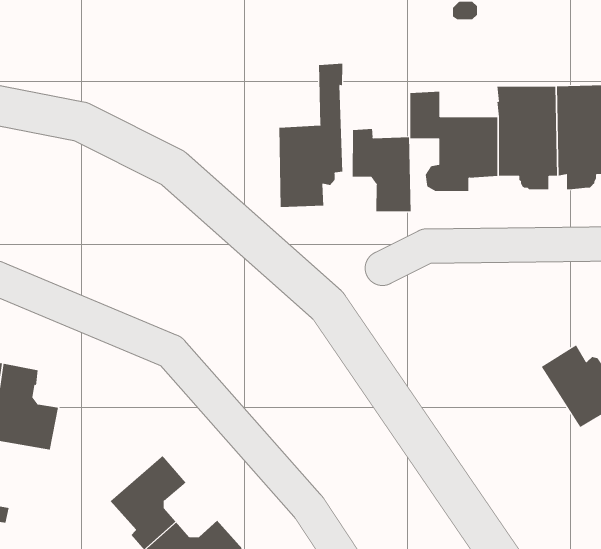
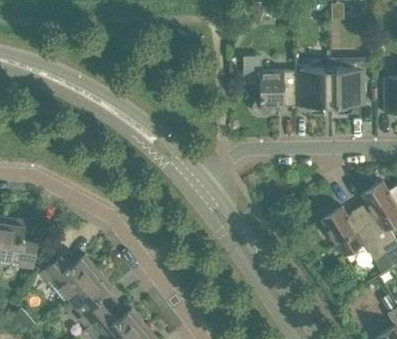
building: [279,63,343,208] -> none
building: [352,128,411,212] -> none
building: none -> [40,256,98,299]

